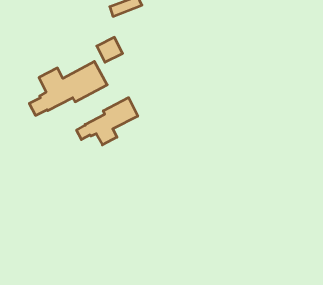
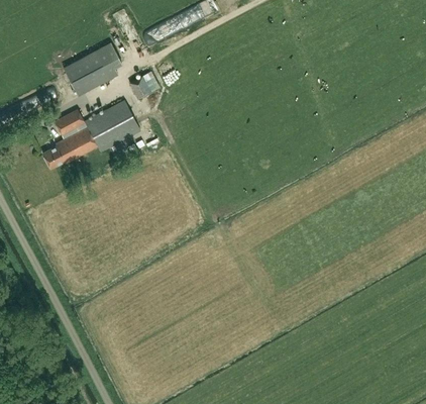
building: none -> [64,43,121,96]
building: [77,98,138,145] -> none

